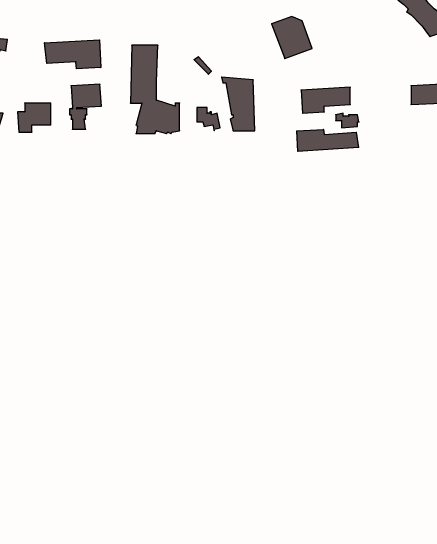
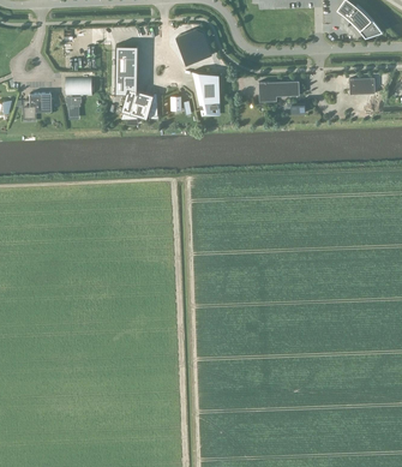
building: [272,17,312,59] -> [179,29,212,64]
building: [45,40,101,69] -> none
building: [297,129,359,151] -> none

